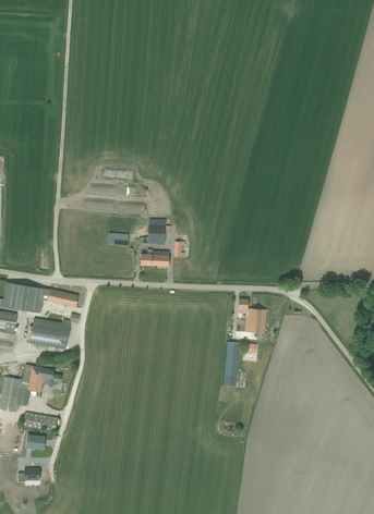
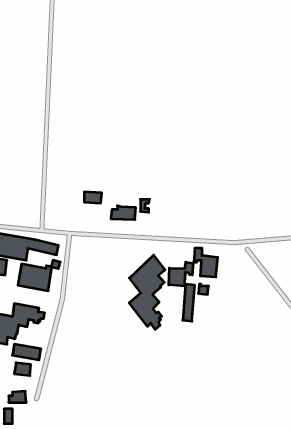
building: [147,218,170,243] -> none
building: none -> [129,255,165,329]
building: none -> [169,262,193,286]

